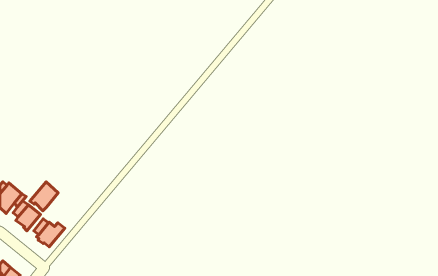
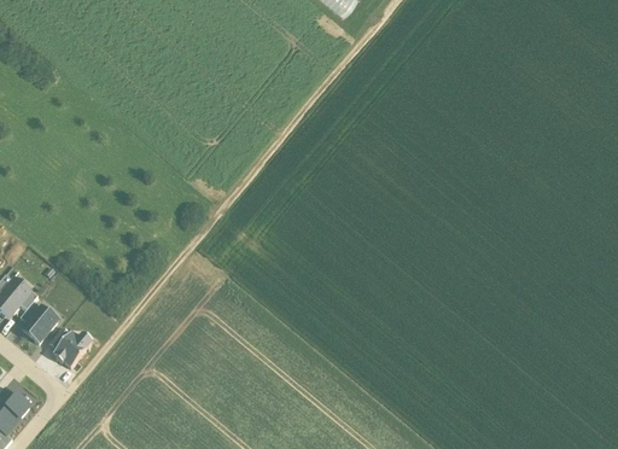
building: [30,182,58,211] -> none

